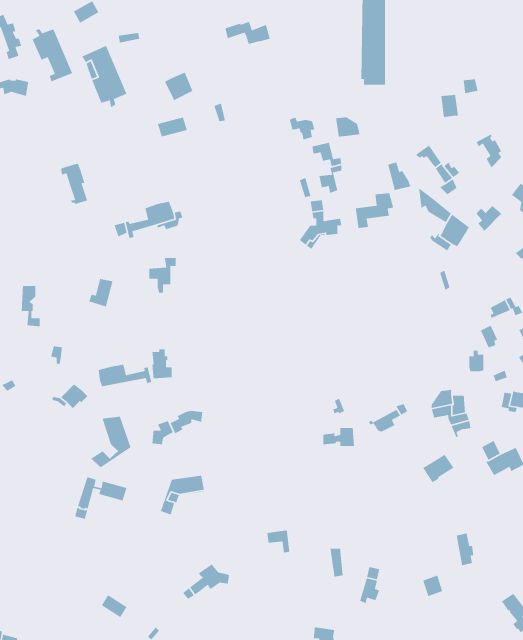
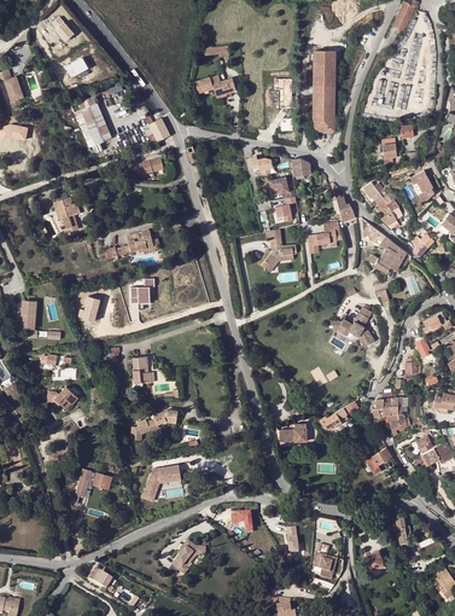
building: [32,28,73,83] -> none
building: none -> [329,308,374,347]
building: [98,364,152,387] -> none
building: [90,416,132,468] -> none

